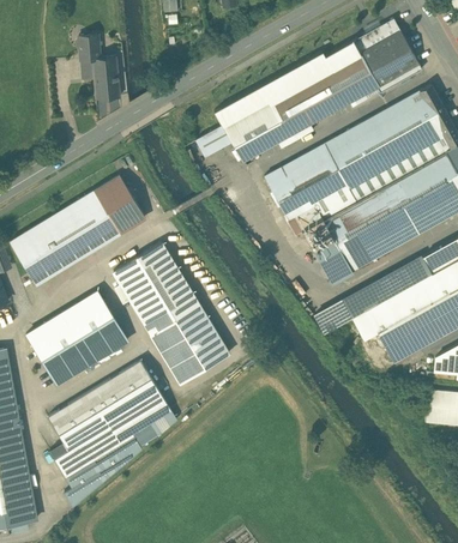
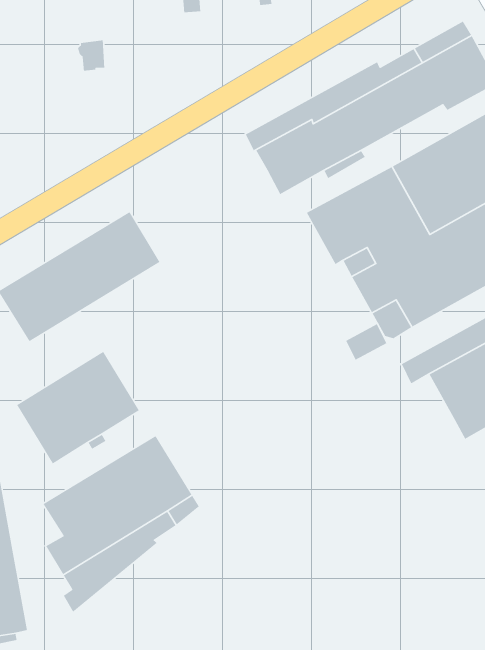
building: [91,58,120,99] -> none
building: [195,126,231,158] -> none
building: [113,243,228,382] -> none
building: [315,302,350,333] -> [345,323,387,361]

